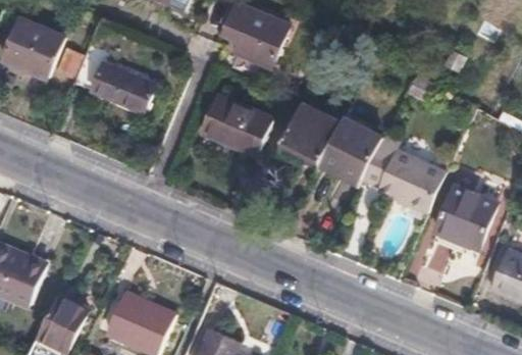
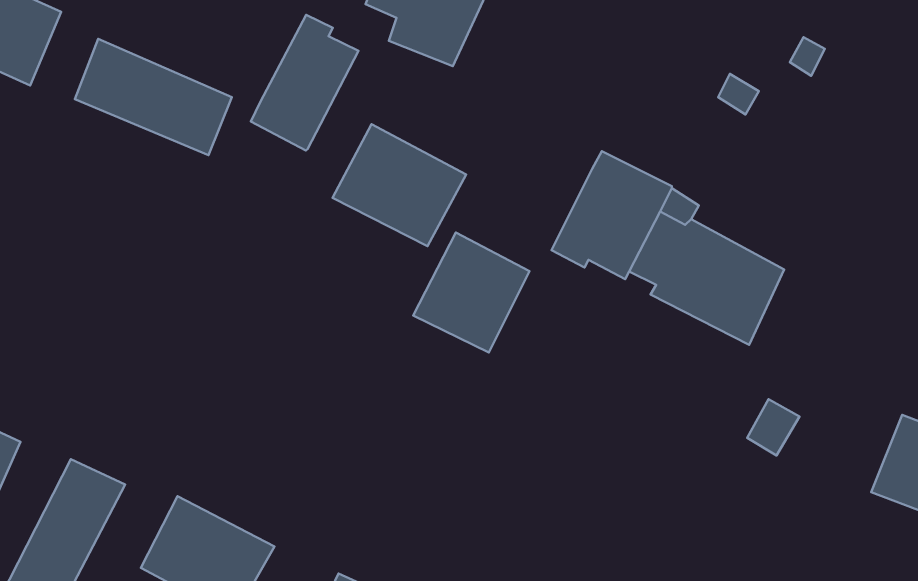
building: none -> [251,15,358,151]
building: [281,100,343,163] -> [413,232,529,352]
building: [434,186,495,250] -> none

